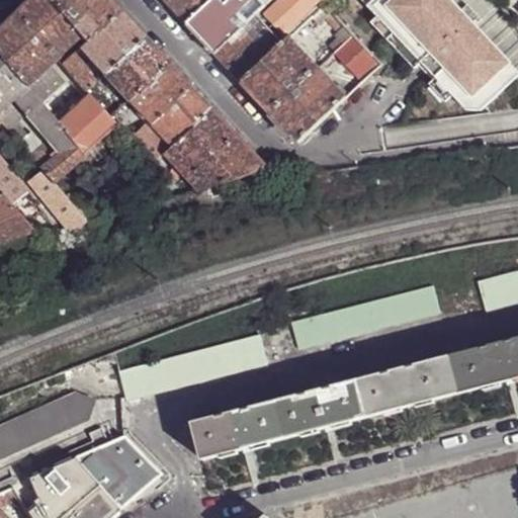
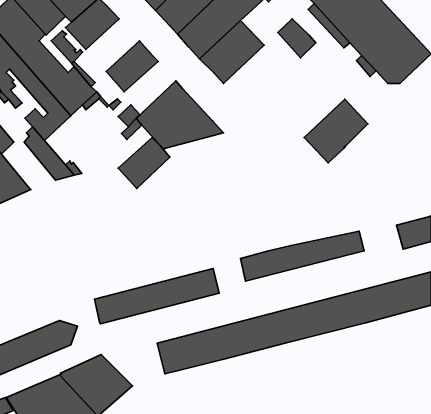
building: [104,34,168,97] -> none
building: [268,66,344,142] -> [304,99,368,163]
building: [150,85,211,146] -> [118,137,170,188]

